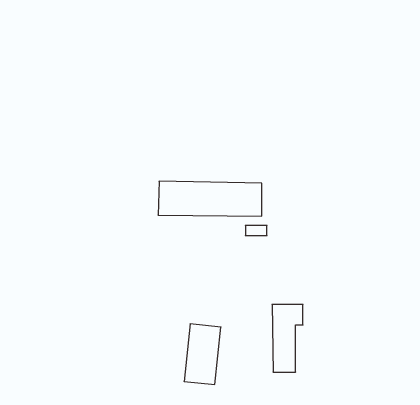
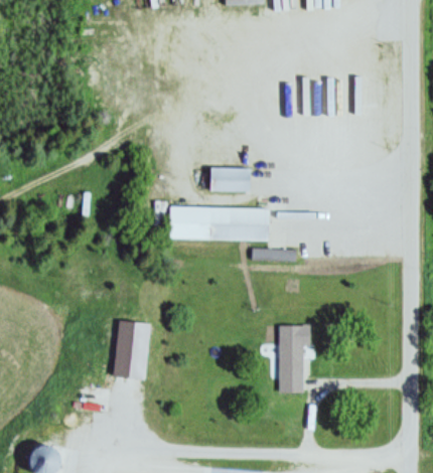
building: none -> [209,167,251,191]
building: [184,324,221,384] -> [114,320,150,379]

